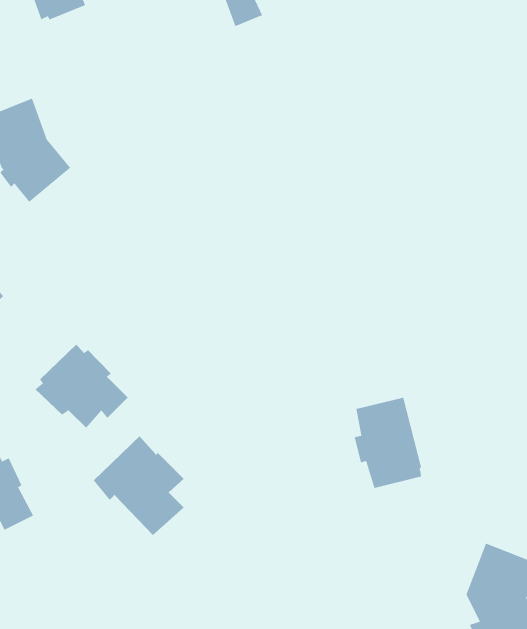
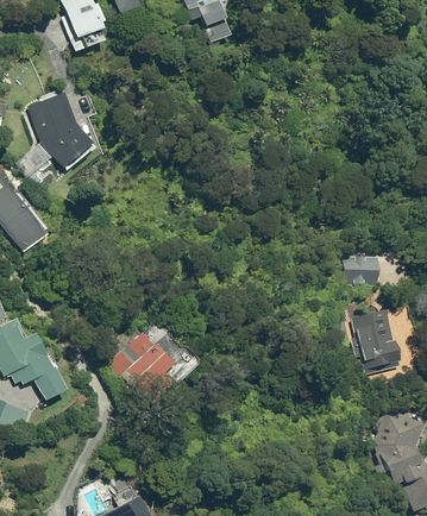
building: none -> [341,256,379,287]
building: [35,344,128,428] -> none
building: [354,397,422,489] -> [353,310,402,376]

